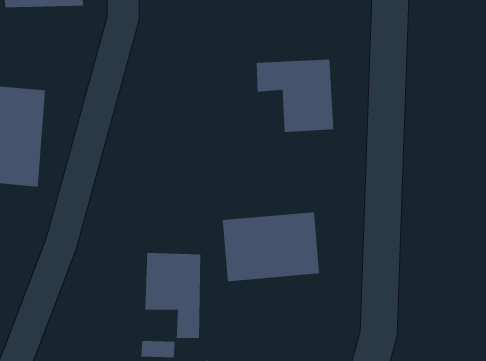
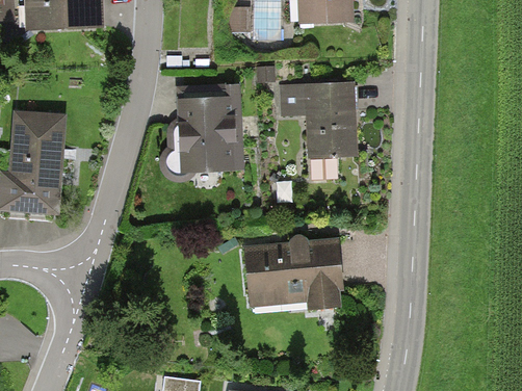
building: none -> [173,84,243,172]
building: [145,252,201,339] -> none

